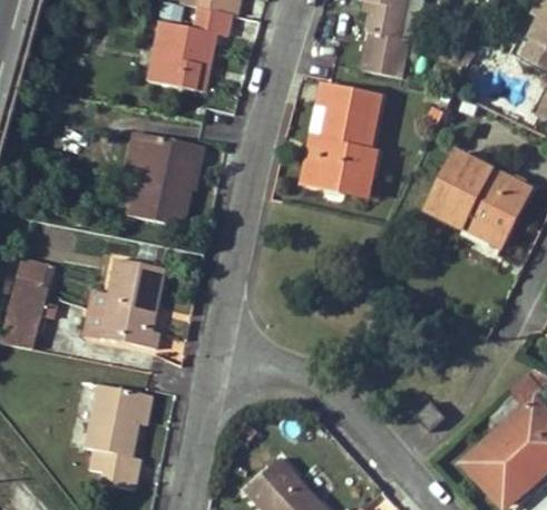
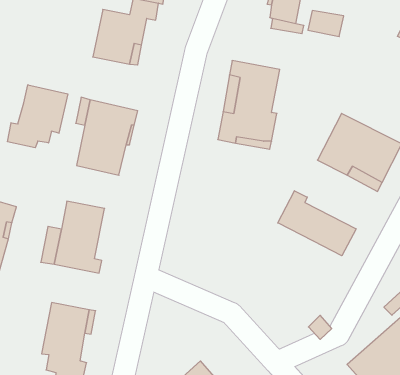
building: [363,45,408,77] -> [308,11,344,37]
building: none -> [8,85,68,148]
building: none -> [278,191,356,256]

